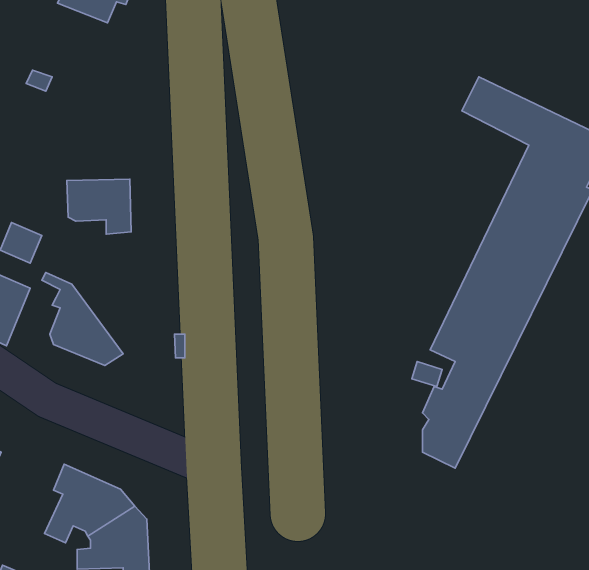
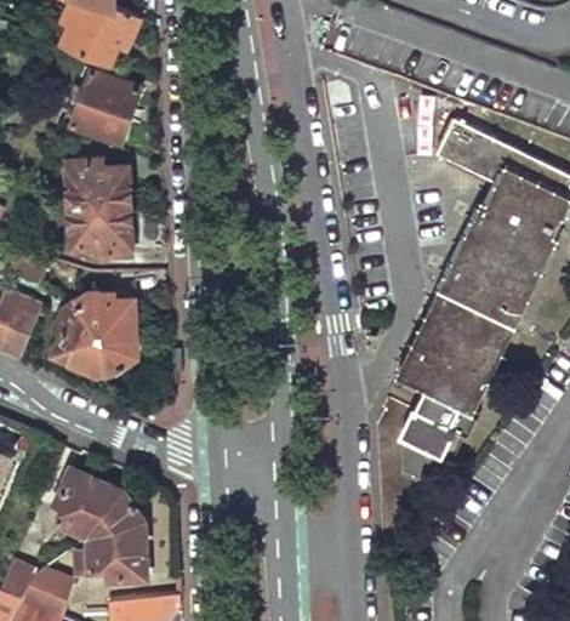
building: none -> [69,72,139,147]
building: none -> [69,161,130,210]
building: none -> [76,297,137,370]

